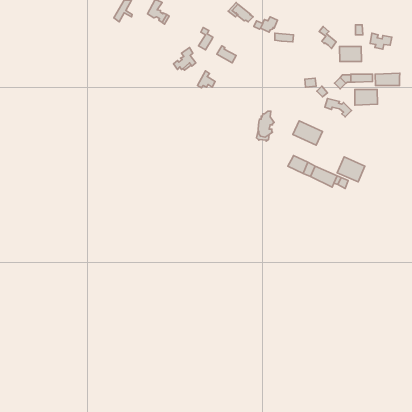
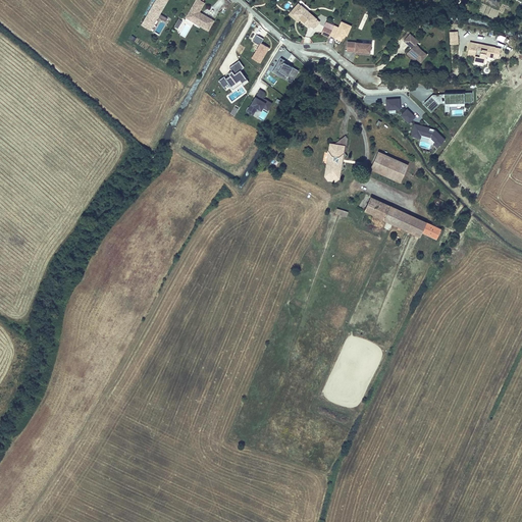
building: [340,46,361,61] -> none
building: [375,73,400,86] -> none
building: [355,90,377,105] -> none
building: [337,157,365,182] -> none

